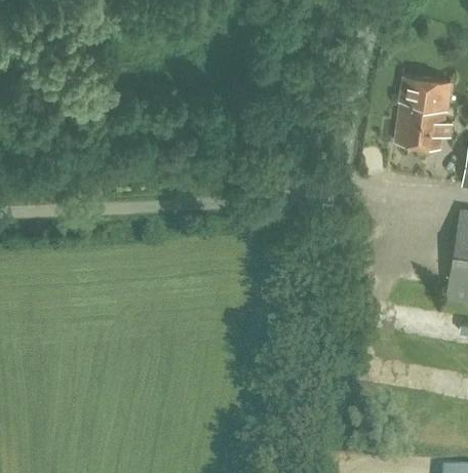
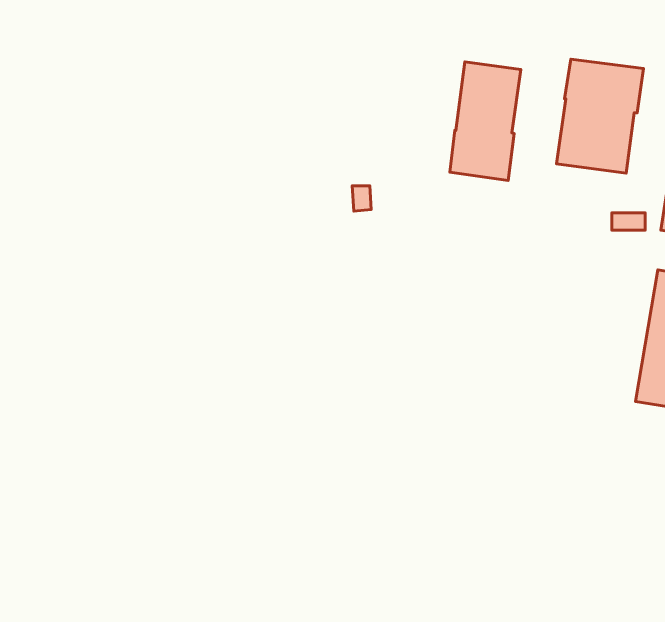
building: none -> [450,62,521,180]

